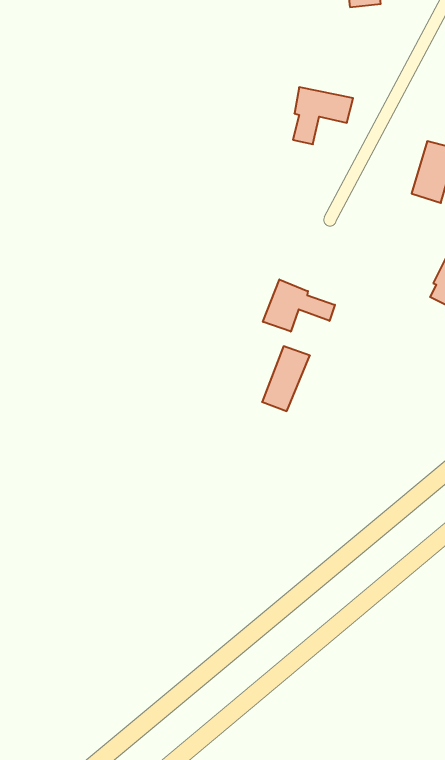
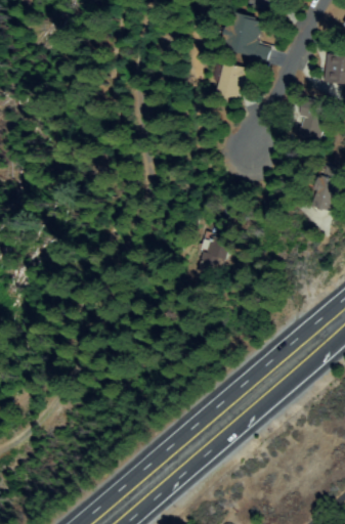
building: none -> [222,12,269,62]
building: [263,279,335,332] -> none

